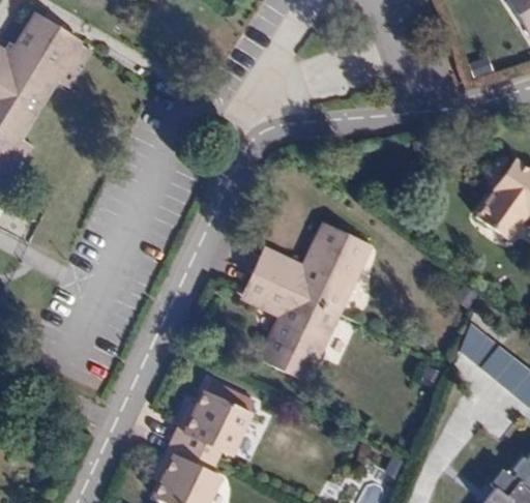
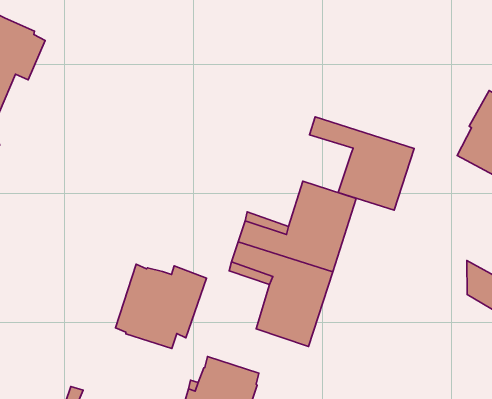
building: none -> [310,117,414,210]
building: none -> [115,264,206,348]

